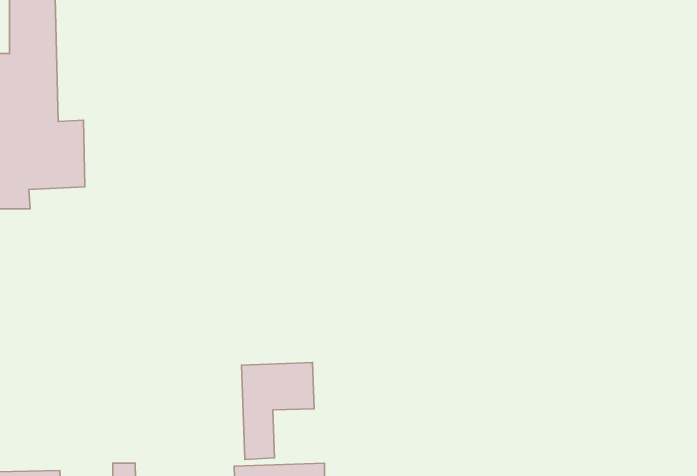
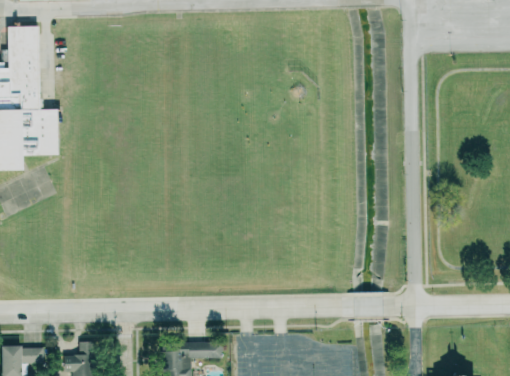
building: [242,362,314,460] -> none

